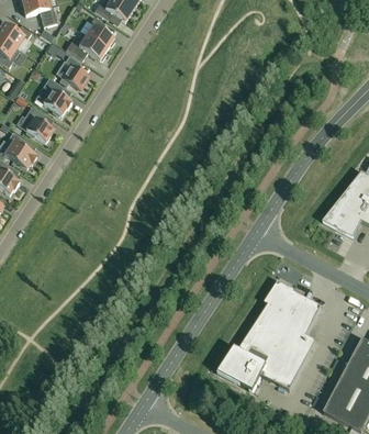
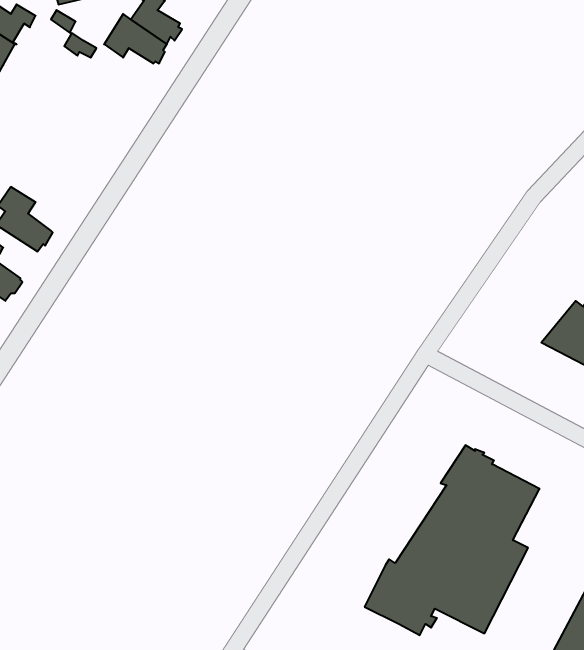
building: [62,54,88,88] -> none
building: [41,76,70,114] -> none
building: [25,104,54,140] -> none

